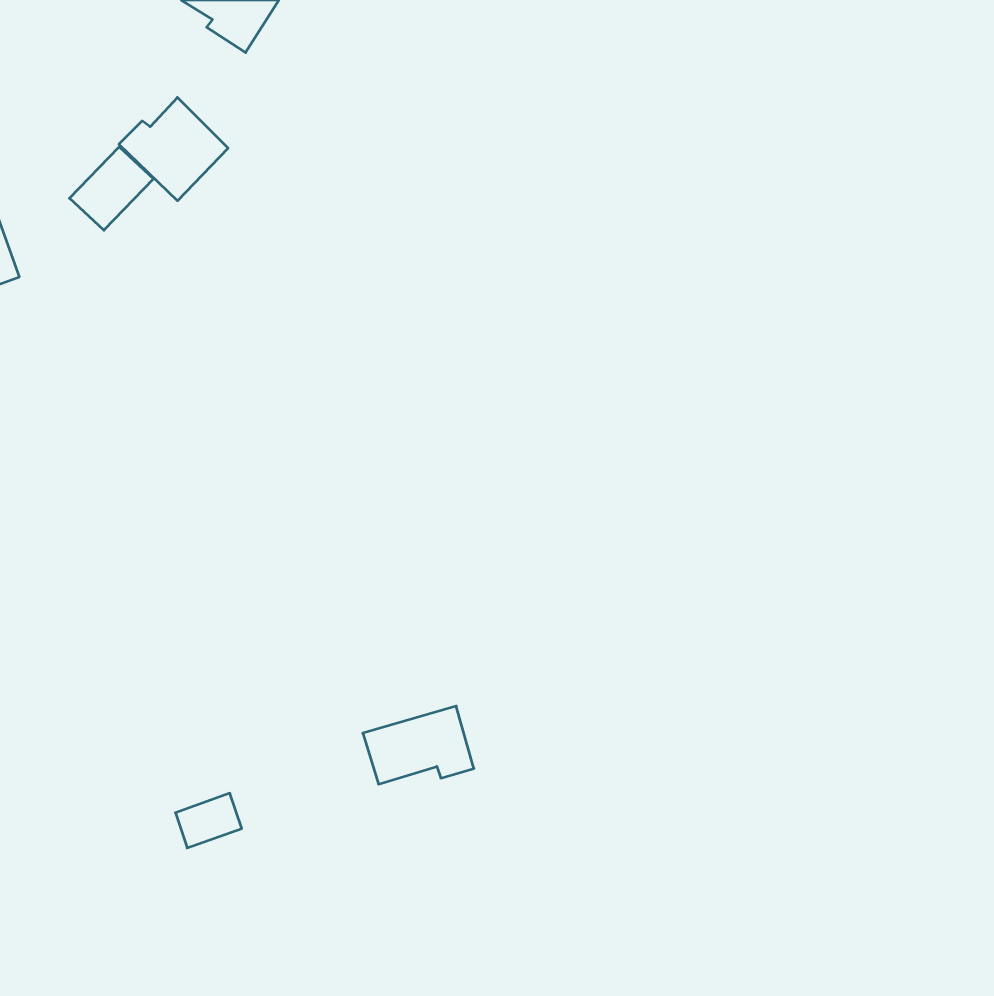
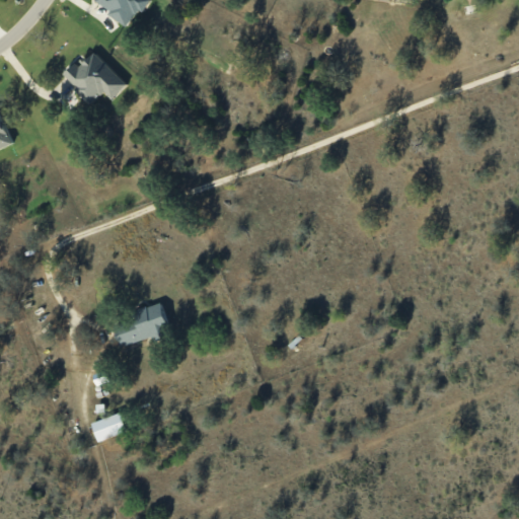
building: [69,147,154,230] -> none
building: [363,706,474,784] -> [113,305,170,346]

